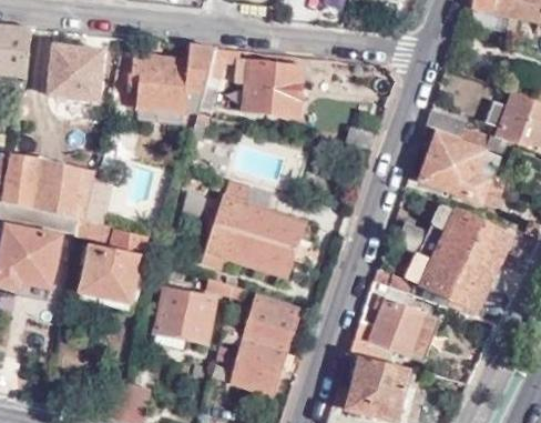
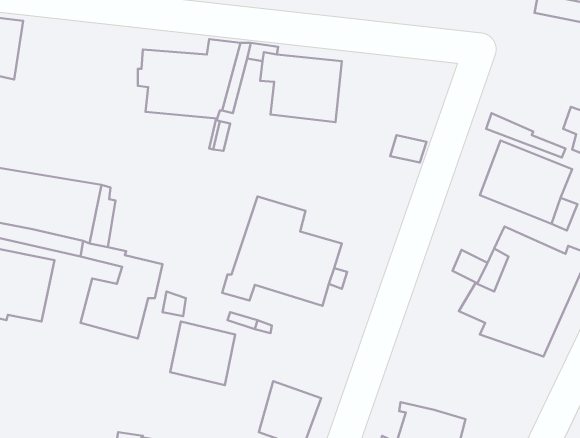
building: [45,48,102,103] -> none
building: [346,296,437,362] -> none
building: [243,299,297,352] -> none

